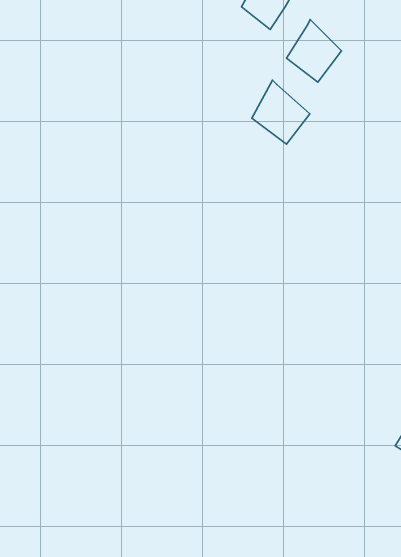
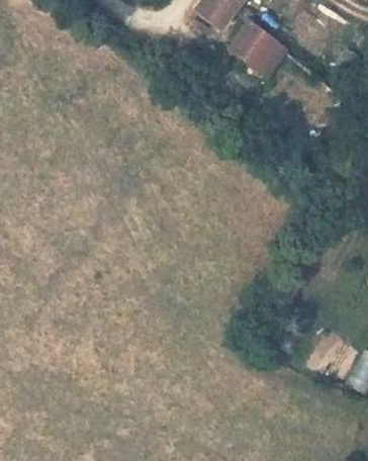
building: [252,80,310,144] -> none

